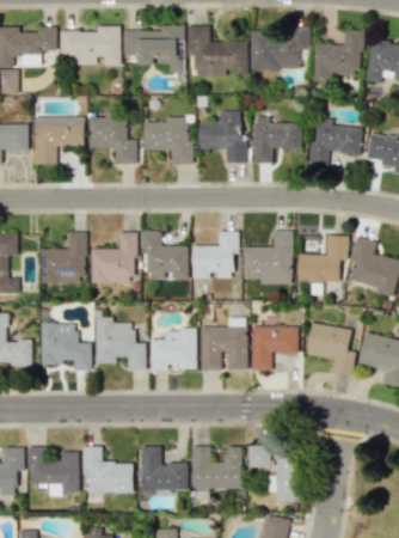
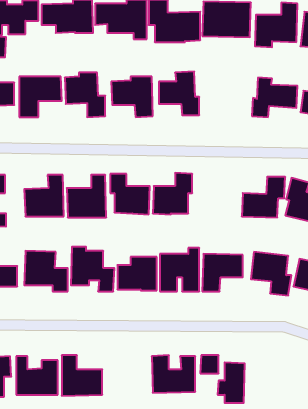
building: [253,116,301,161] -> none
building: [241,230,293,283] -> none
building: [140,445,188,489] -> none

